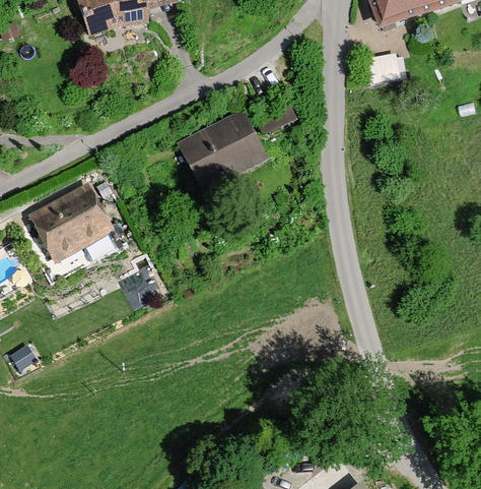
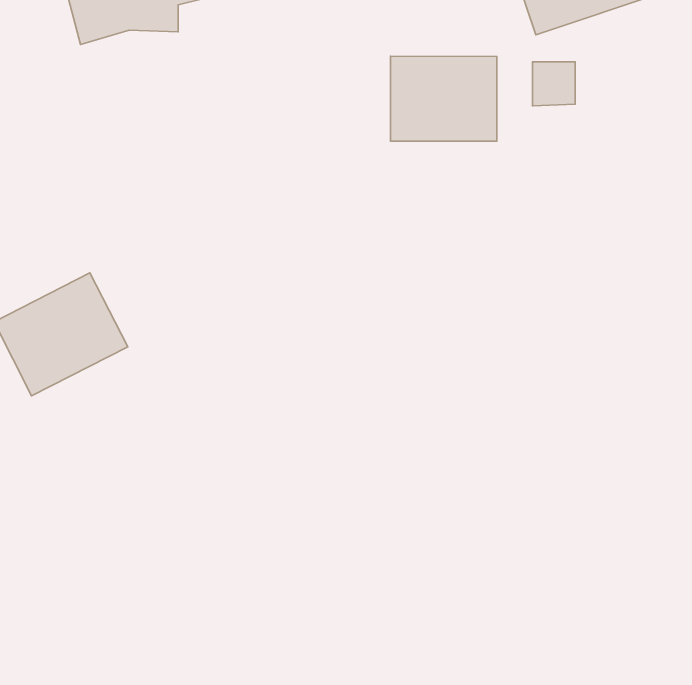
building: none -> [390,56,497,141]
building: [176,111,264,192] -> none

